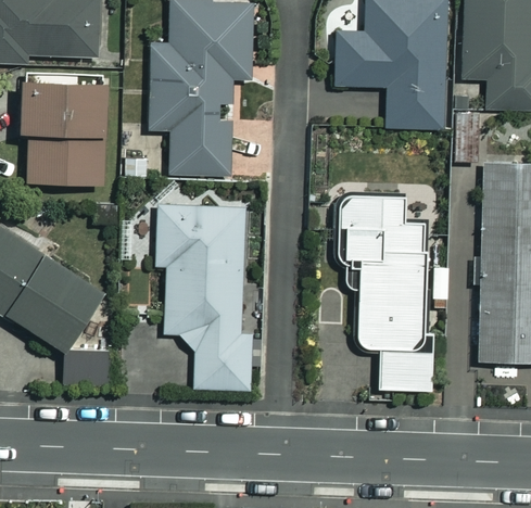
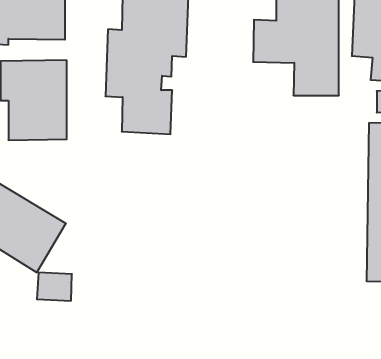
building: [339,196,433,390] -> none
building: [156,205,252,390] -> none

